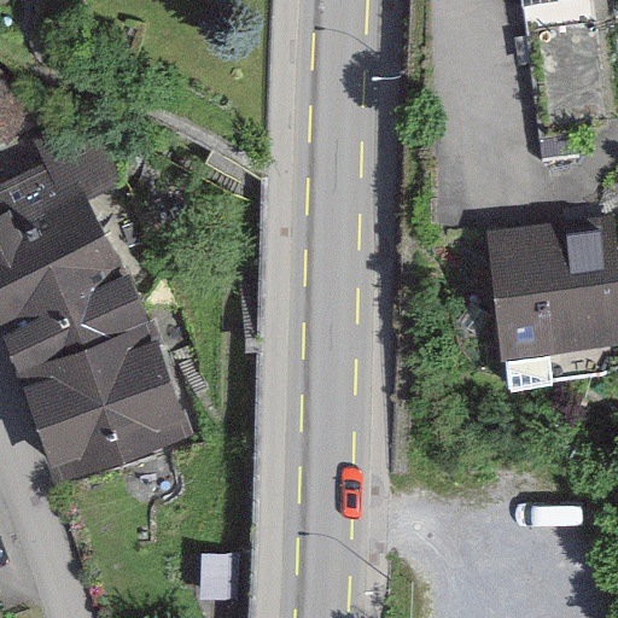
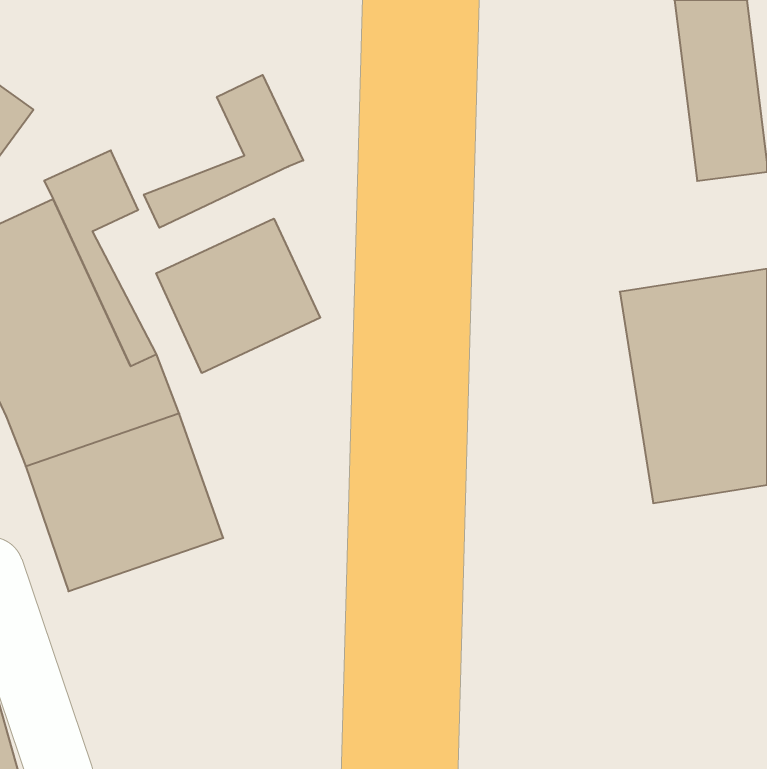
building: none -> [144,75,303,228]
building: none -> [156,219,320,373]

